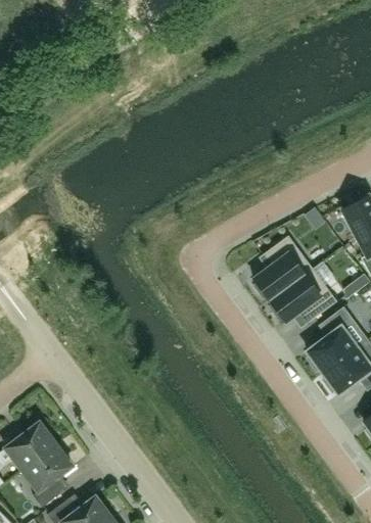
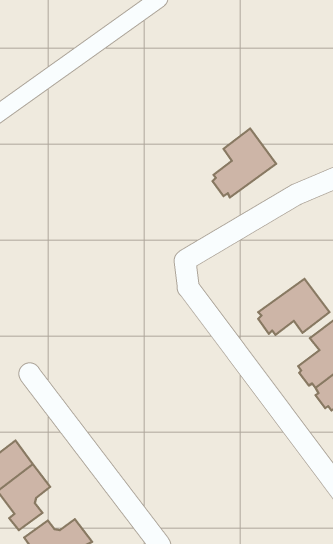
building: [253,236,314,301] -> [213,128,276,197]

